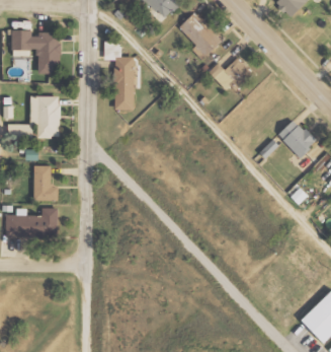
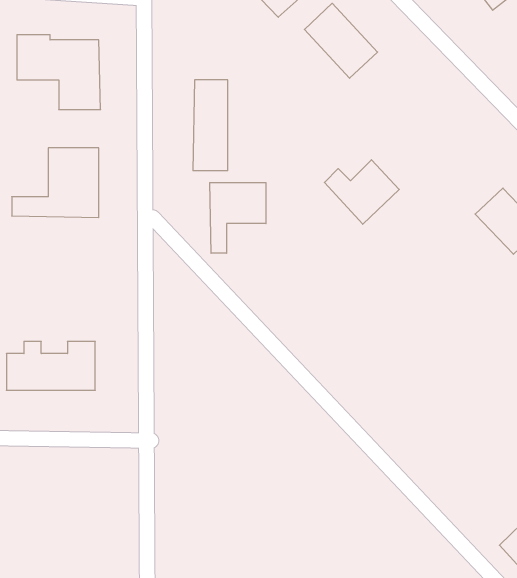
building: [210,57,253,94] -> [324,160,399,224]
building: none -> [210,183,266,253]
building: [33,165,58,200] -> none

